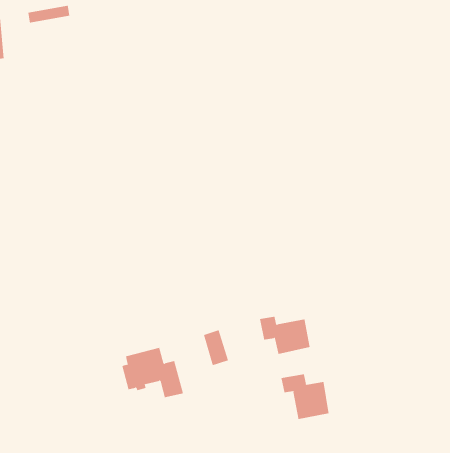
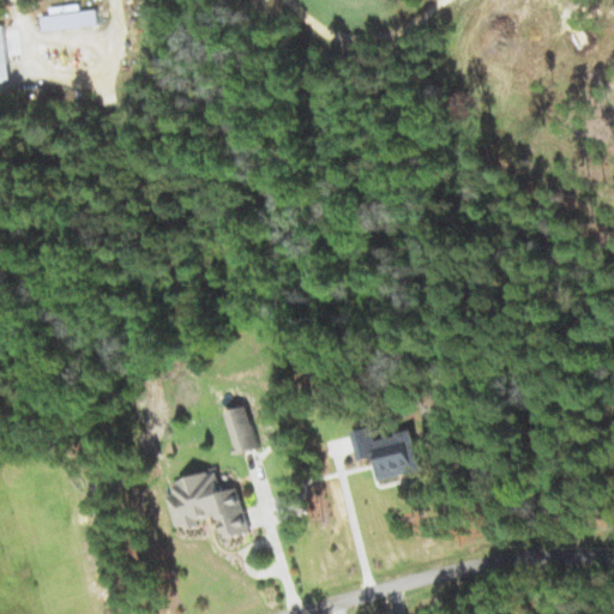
building: [203,330,229,366] -> [223,404,258,453]
building: [281,374,329,420] -> none

